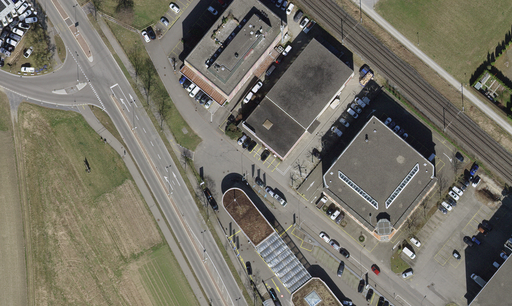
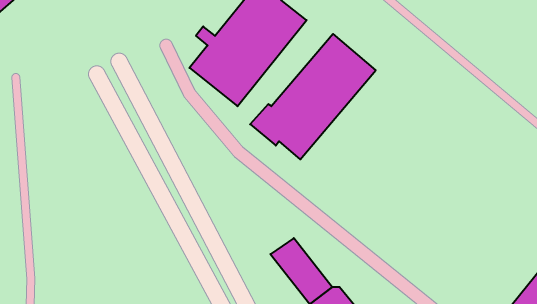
building: [321,116,436,236] -> none
building: [223,186,277,244] -> none

